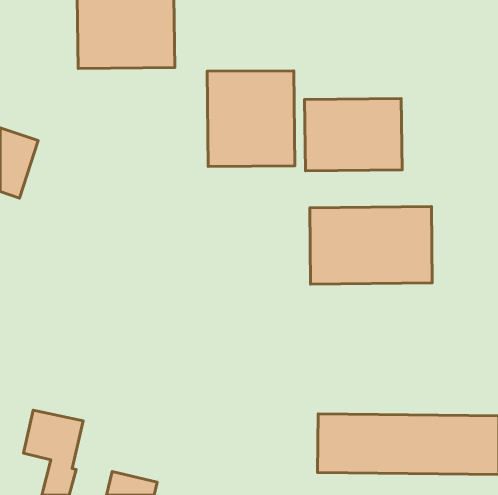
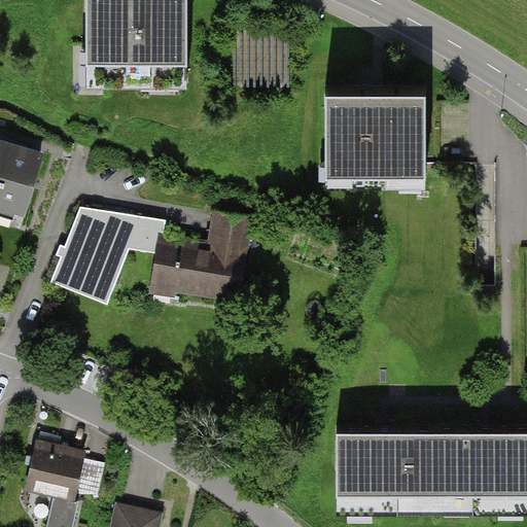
building: [207,71,295,166] -> none
building: none -> [56,203,254,300]
building: [310,207,432,284] -> none

